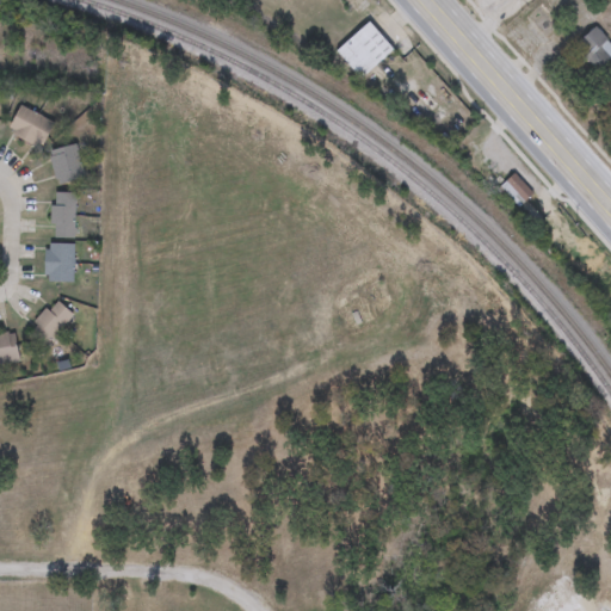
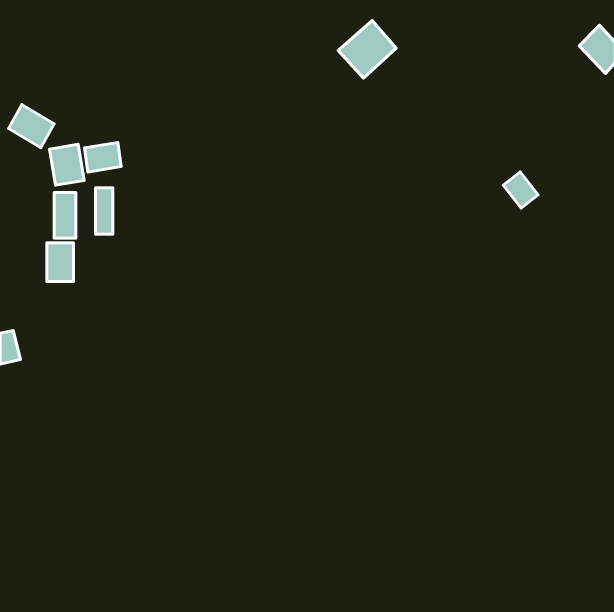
building: none -> [85,142,121,172]
building: none -> [96,188,113,234]
building: [27,298,74,345] -> none

